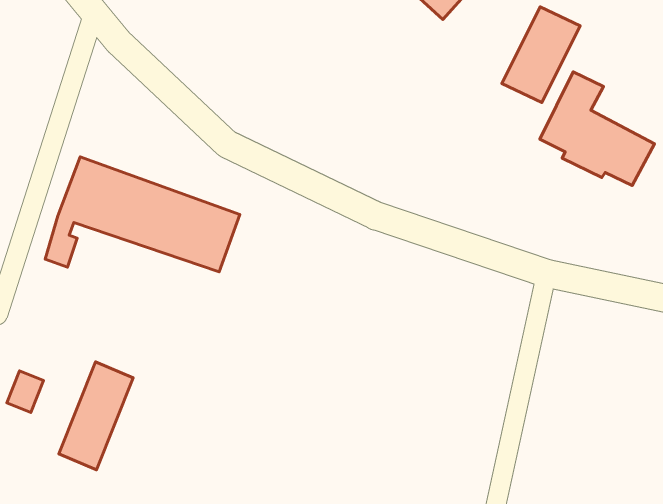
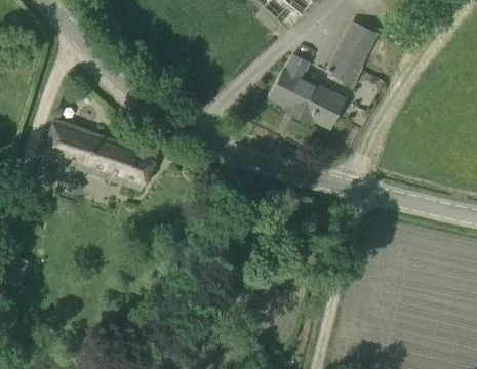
building: [540,72,655,185] -> [271,52,345,125]
building: [59,362,133,470] -> none

